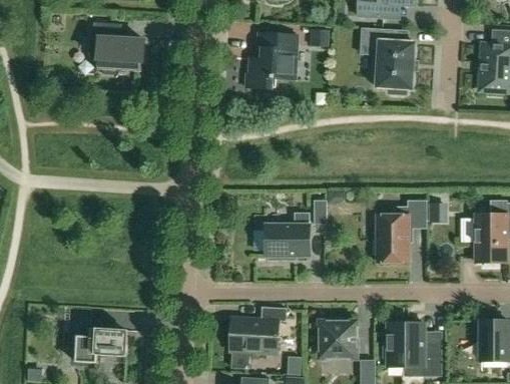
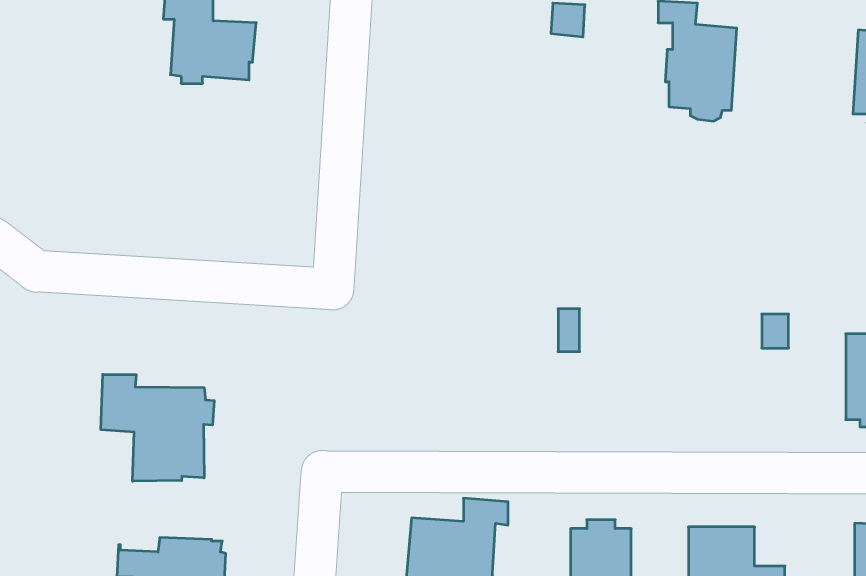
building: [244,33,297,88] -> none
building: [373,200,426,262] -> none
building: [265,213,309,261] -> none
building: none -> [101,374,214,481]

